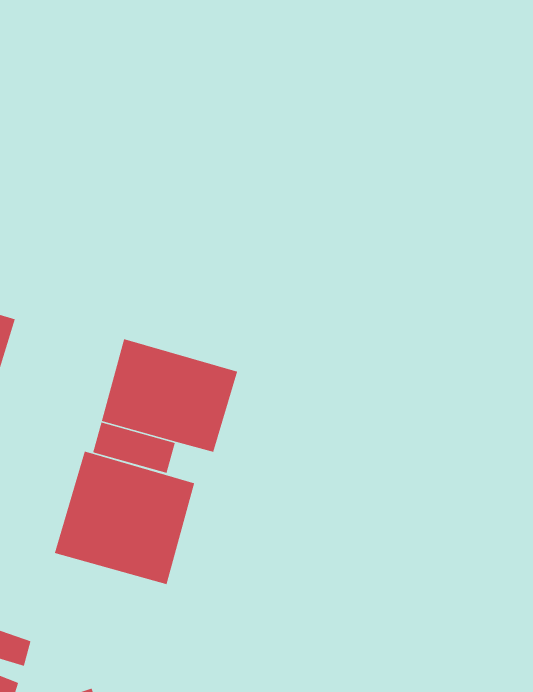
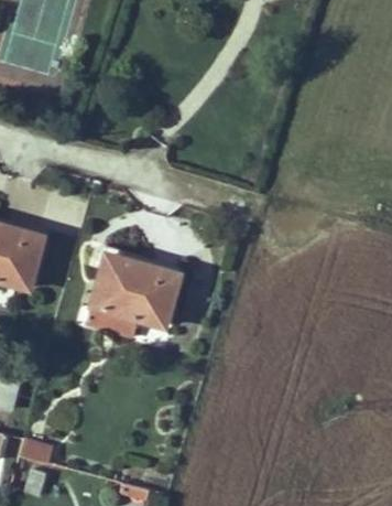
building: [54,450,195,585] -> none

